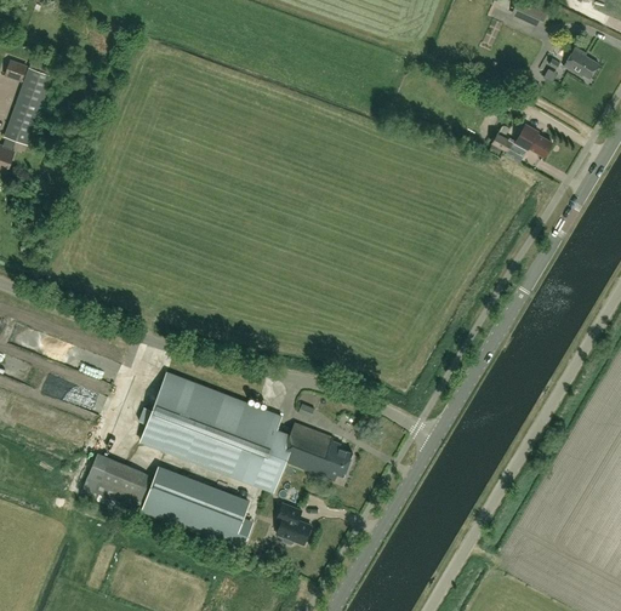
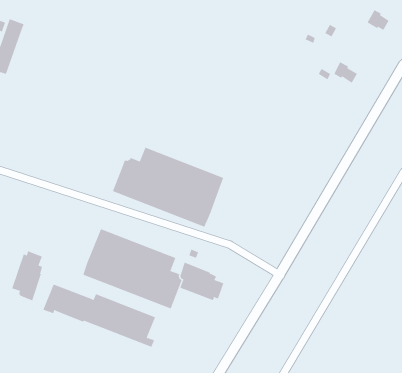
building: none -> [112,147,224,227]
building: none -> [12,251,43,301]
building: [277,502,310,544] -> none

